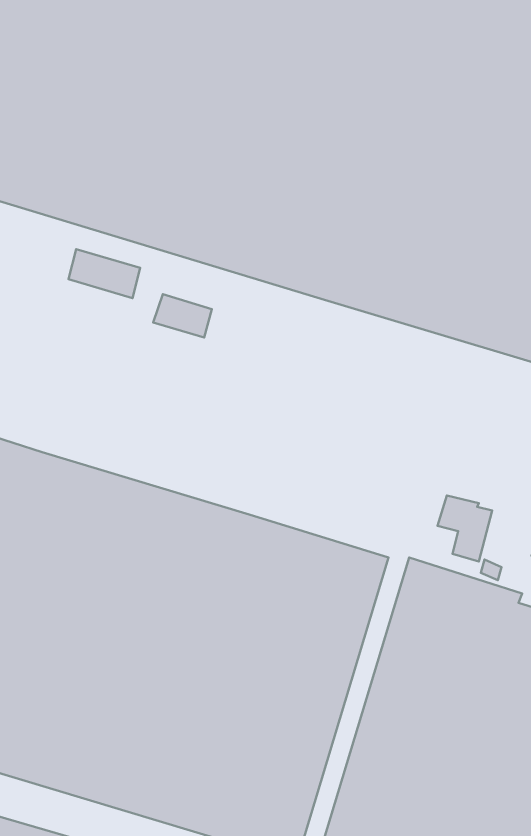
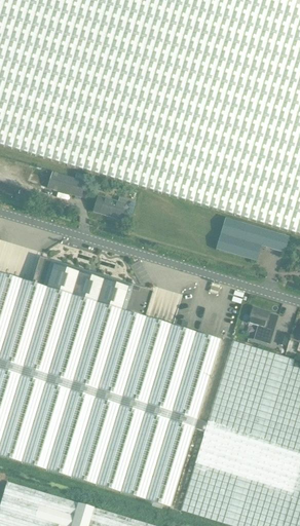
building: none -> [216,219,290,262]
building: none -> [32,257,153,317]

